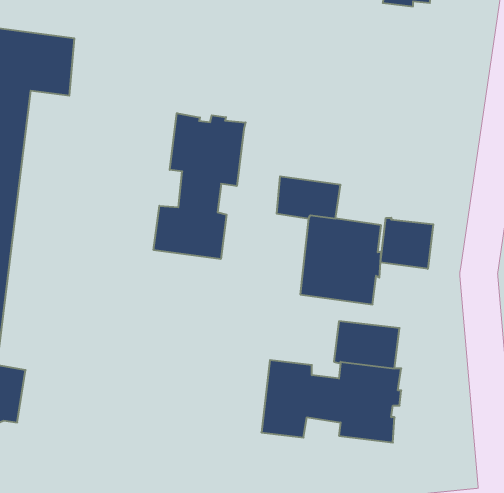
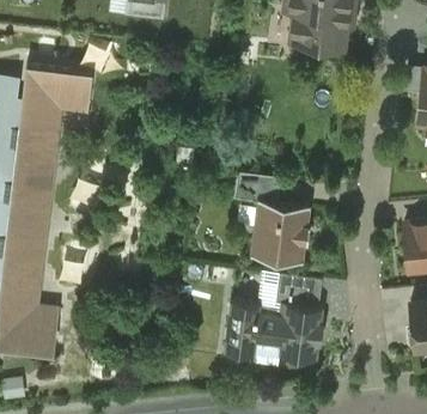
building: [154,113,246,259] -> none
building: [380,218,433,269] -> none

